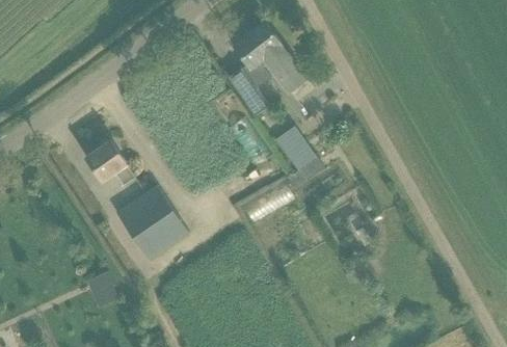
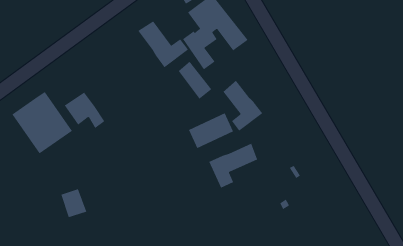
building: none -> [137,20,189,68]
building: [117,186,191,262] -> [12,91,73,154]
building: none -> [208,143,258,188]

